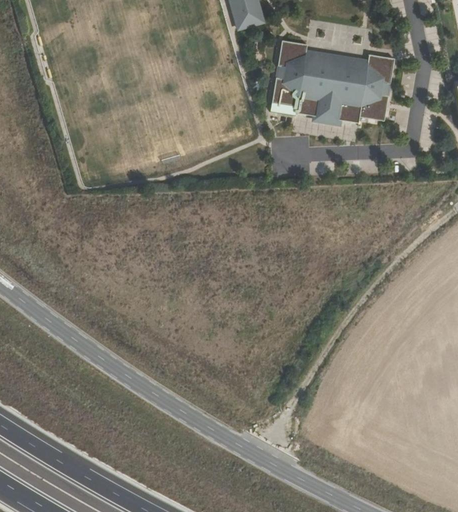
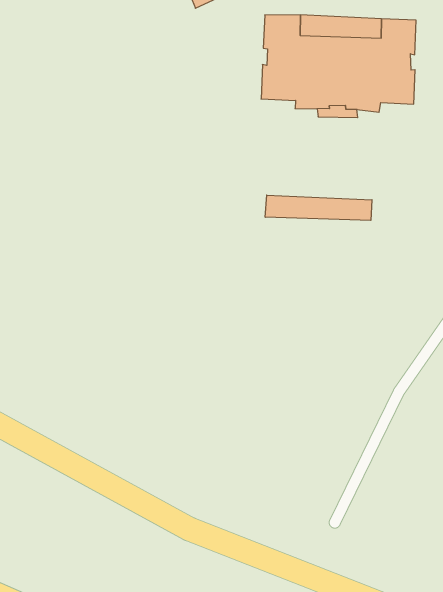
building: none -> [265,195,372,220]

